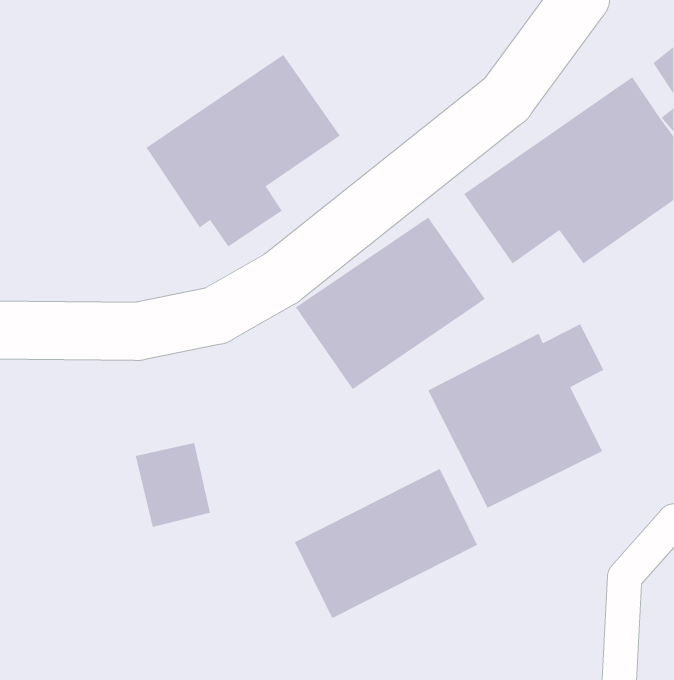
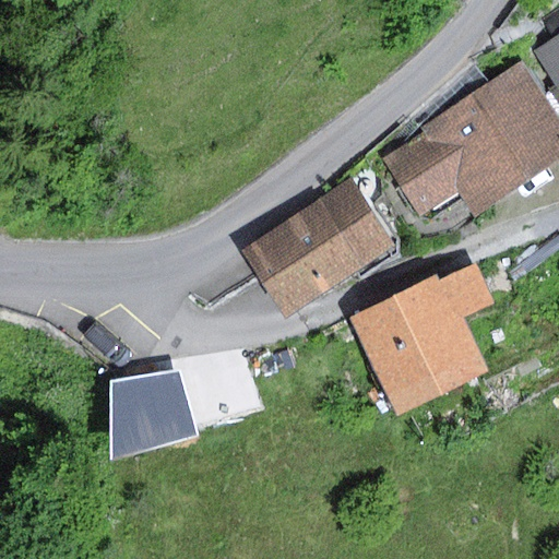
building: [146,54,341,248] -> none
building: [294,468,478,619] -> none

